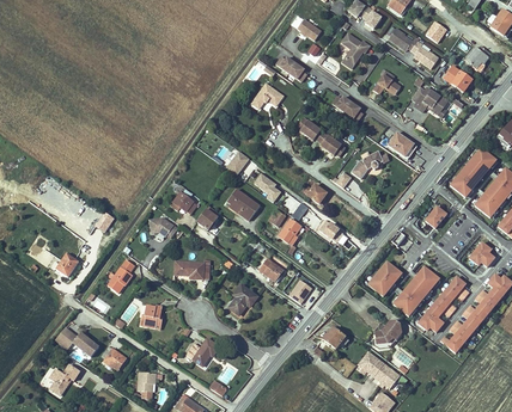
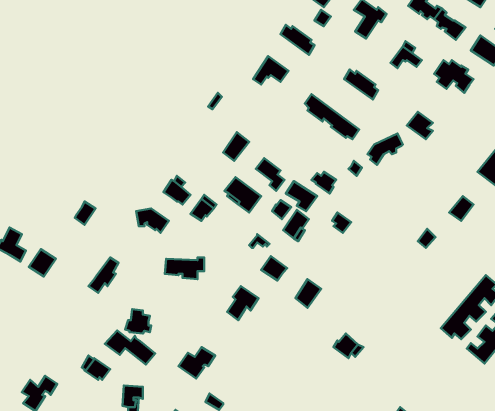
building: [368,262,401,296] -> none
building: [394,266,439,316] -> none
building: [373,320,402,349] -> none
building: [55,328,99,358] -> [105,330,155,364]
building: [358,351,400,389] -> none

